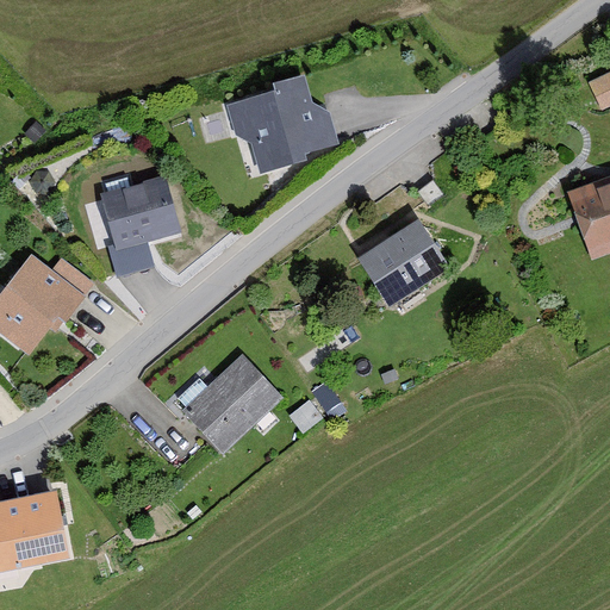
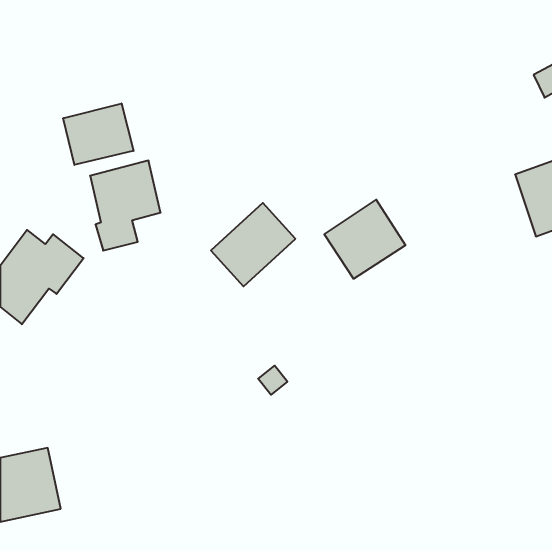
building: [213,76,337,172] -> none
building: none -> [63,103,134,165]
building: [186,356,279,448] -> [211,203,295,286]

